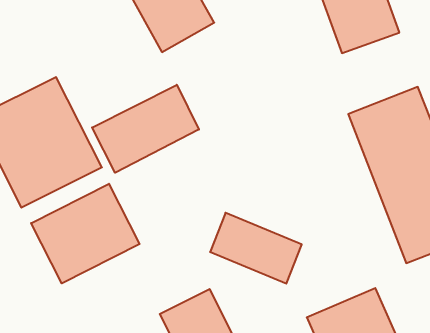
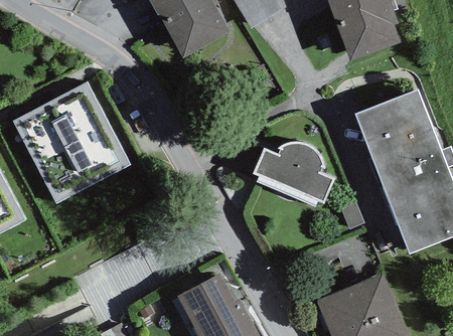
building: [92,85,199,173] -> none
building: [31,184,140,283] -> none
building: [210,213,302,284] -> [255,139,339,204]

